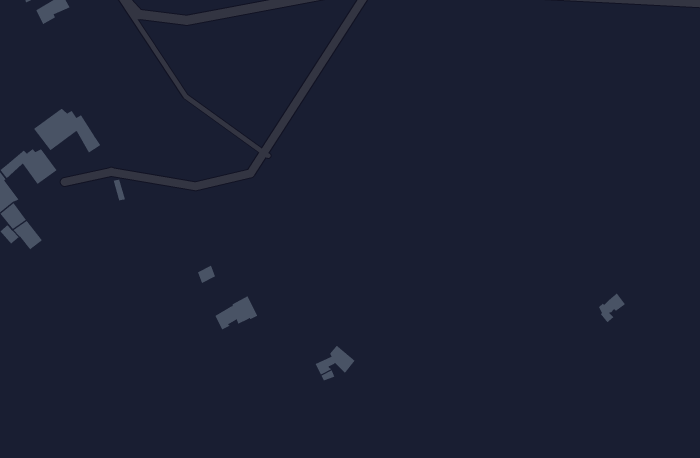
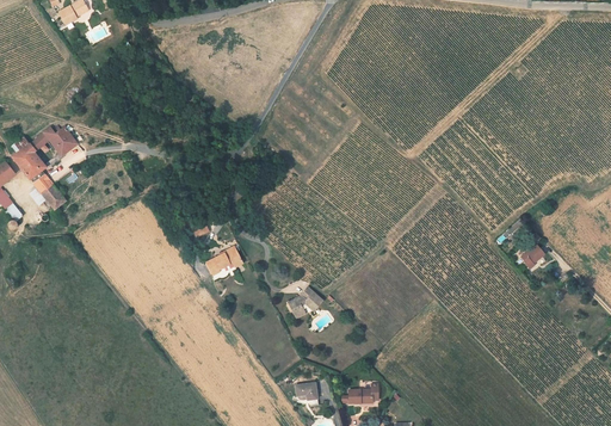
building: [33,108,101,154] -> none

